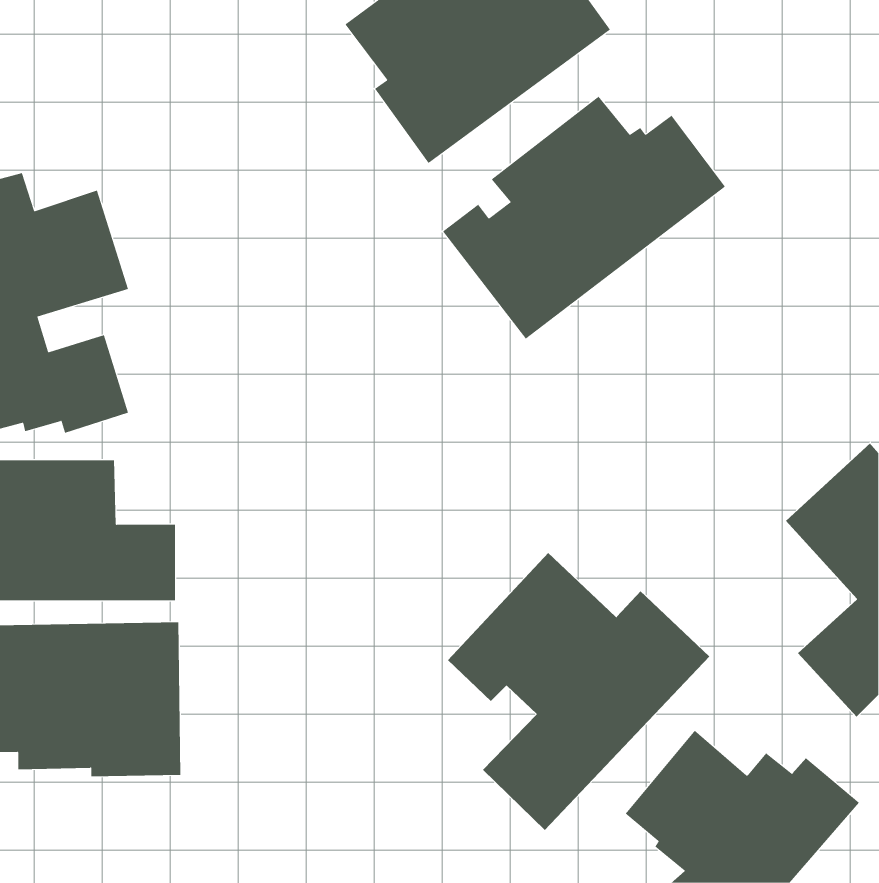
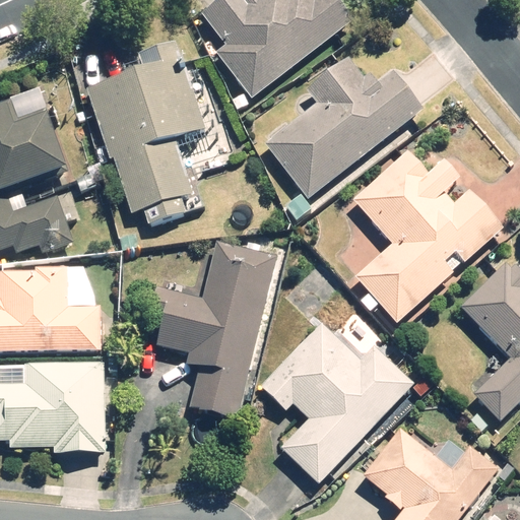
building: none -> [83,42,221,226]
building: none -> [348,144,505,320]
building: none -> [149,242,278,417]

